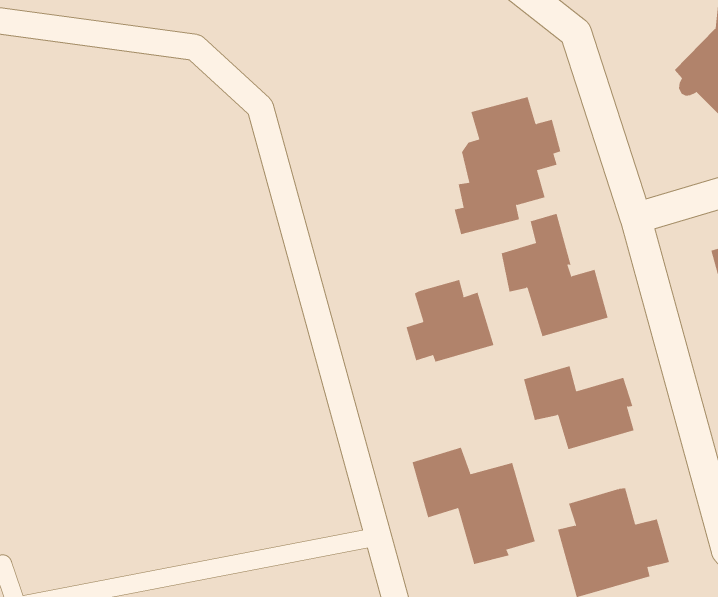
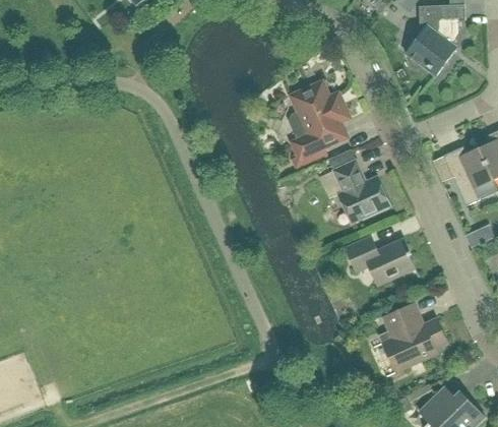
building: [406,279,494,363] -> none
building: [412,447,535,565] -> none

